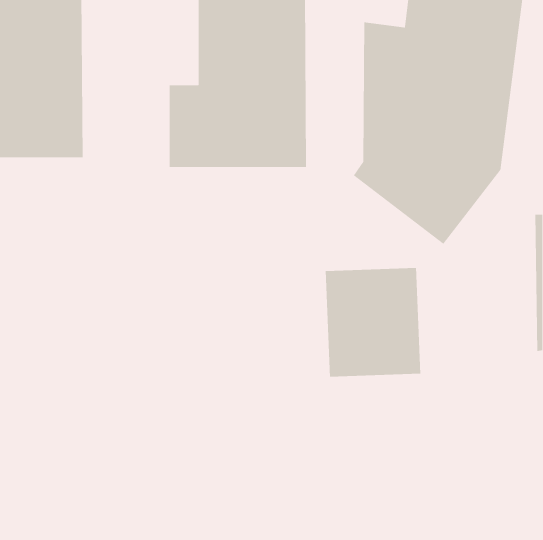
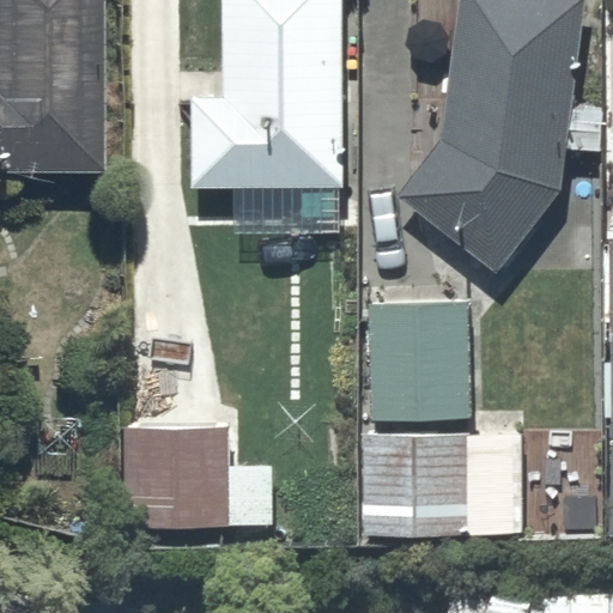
building: none -> [122,414,272,548]
building: none -> [362,431,534,536]

